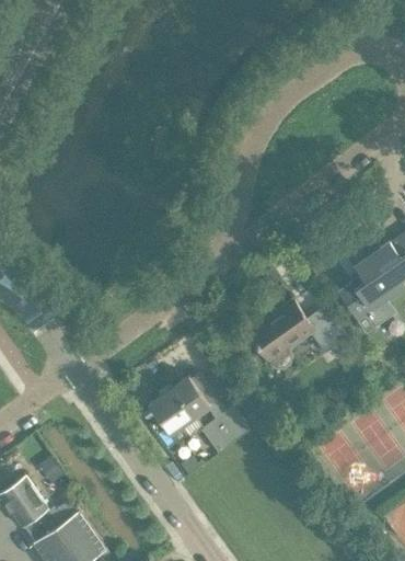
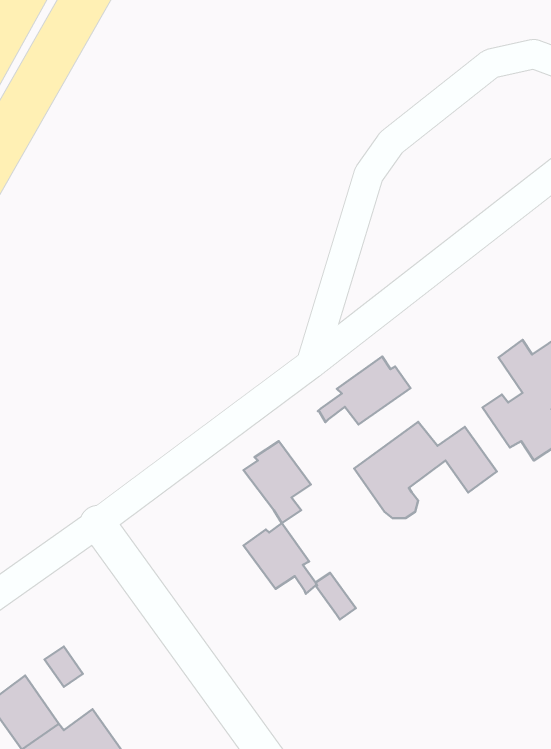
building: none -> [318,356,411,424]
building: [150,387,196,443] -> [243,441,311,523]
building: [201,414,240,453] -> none

